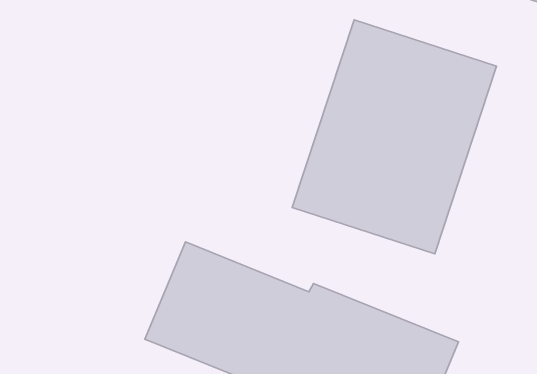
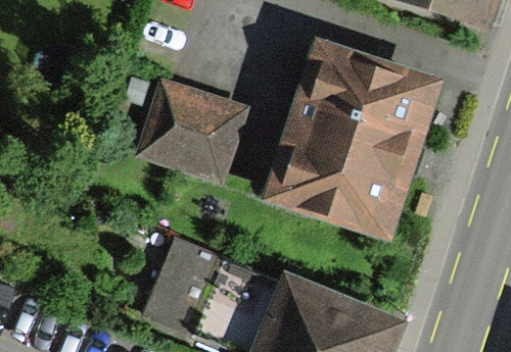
building: none -> [131,74,252,188]

